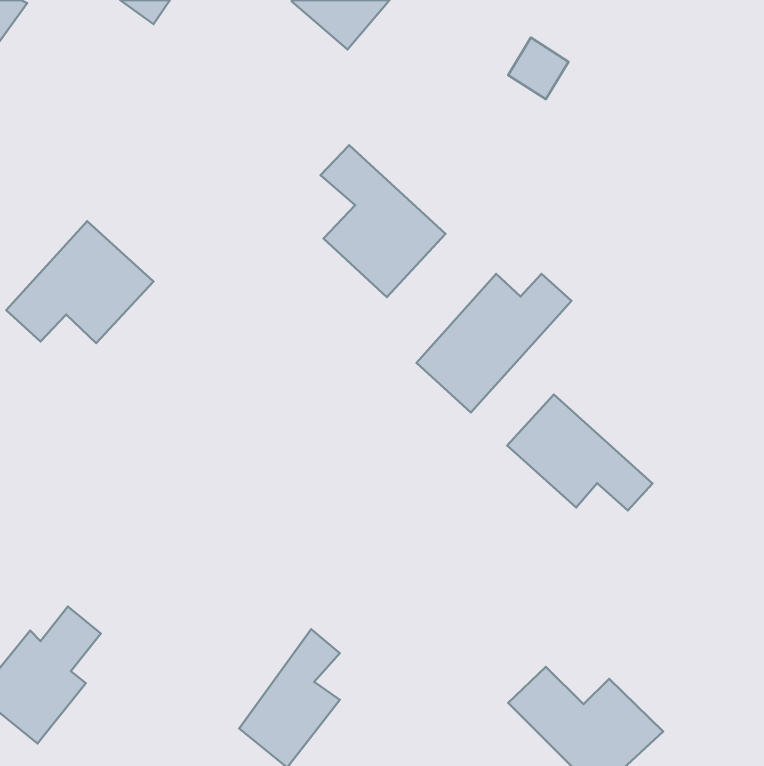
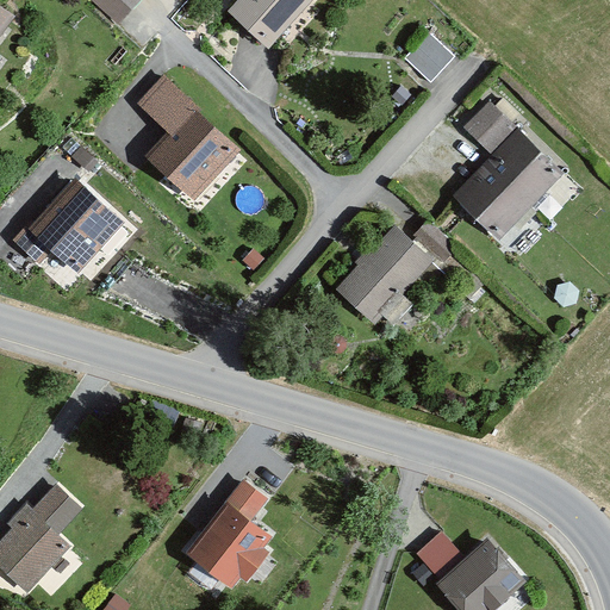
building: none -> [453,100,565,242]
building: [321,145,445,297] -> [138,67,237,187]
building: [507,394,652,510] -> none

